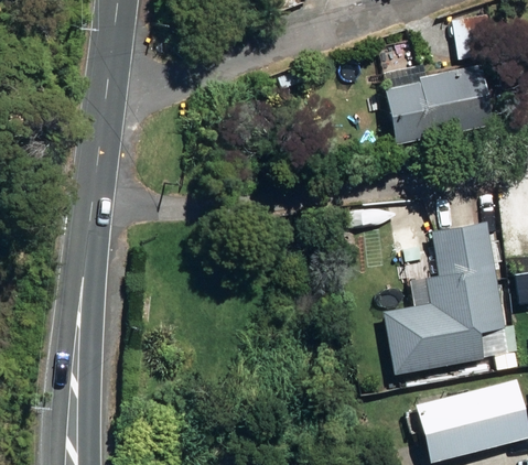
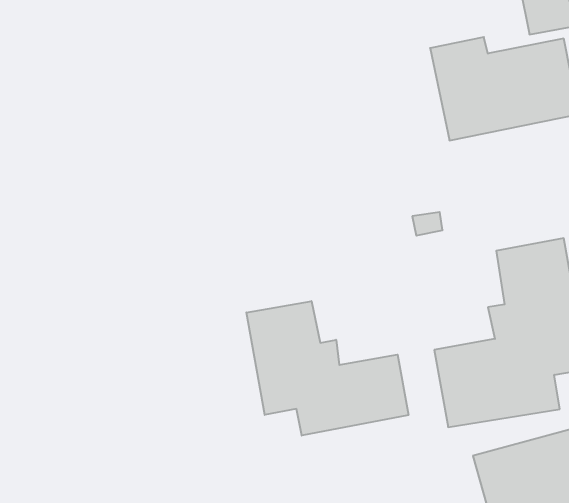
building: none -> [246,301,408,436]

